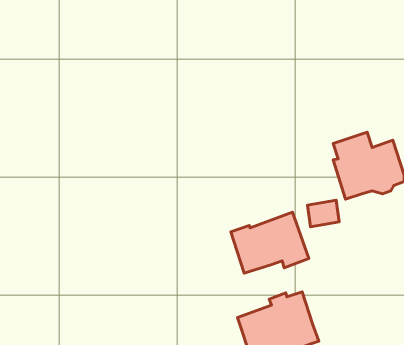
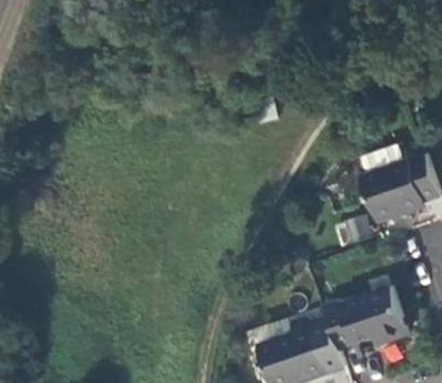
building: [231,212,309,273] -> [325,286,410,352]

